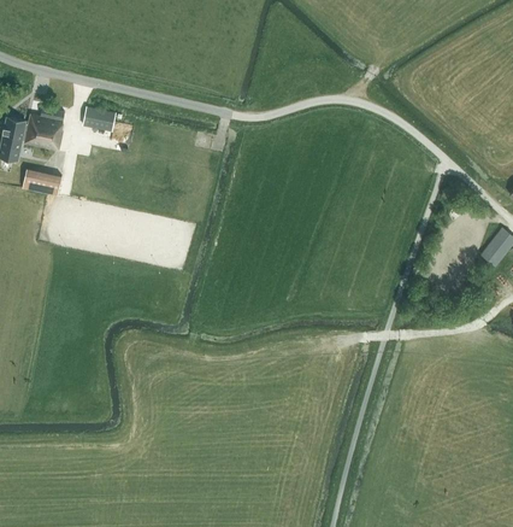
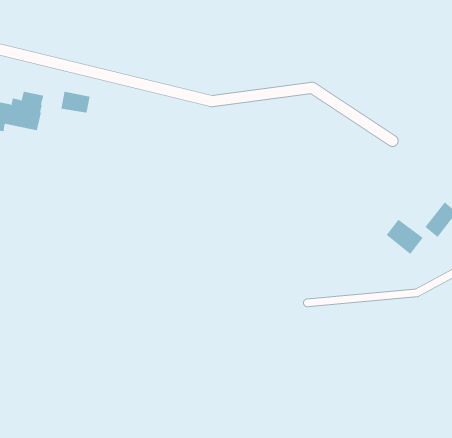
building: [23,168,61,194] -> none
building: none -> [386,219,424,255]

